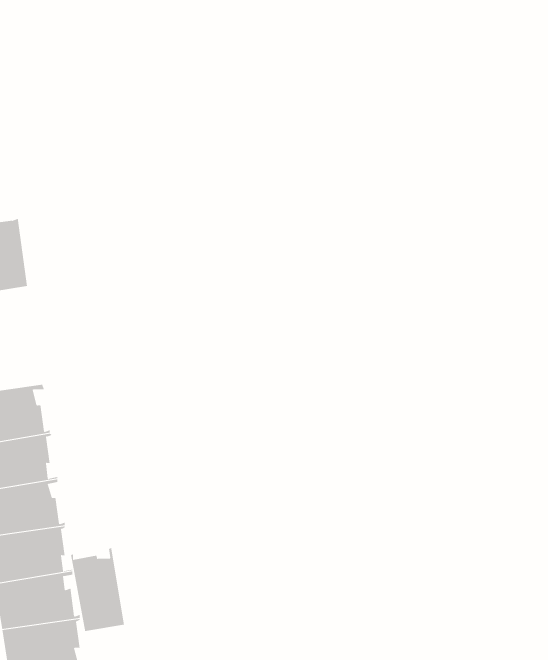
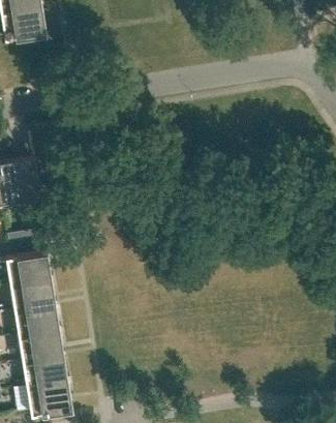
building: [70,547,125,632] -> none

